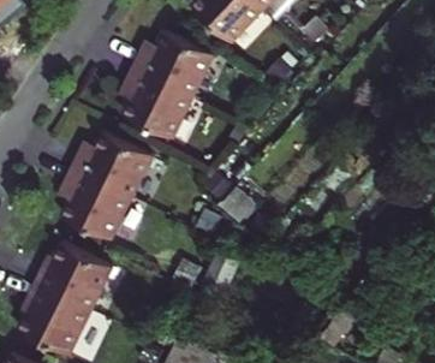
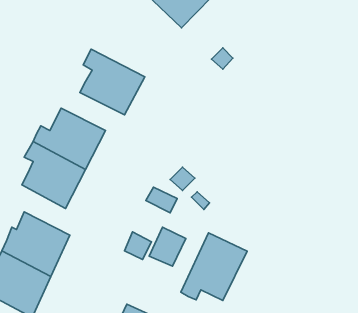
building: [133,28,213,94] -> none
building: none -> [181,233,247,301]

